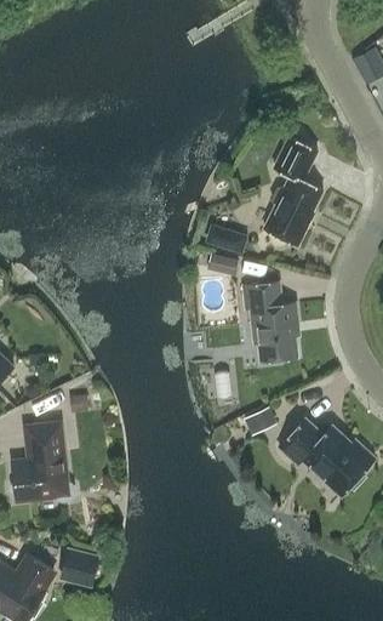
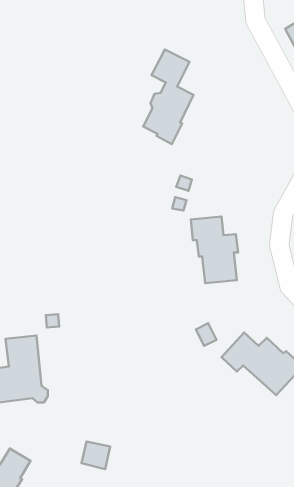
building: [263,137,322,249] -> [143,50,194,144]
building: [61,548,95,581] -> [81,441,110,469]

